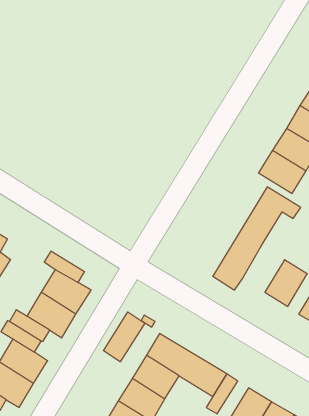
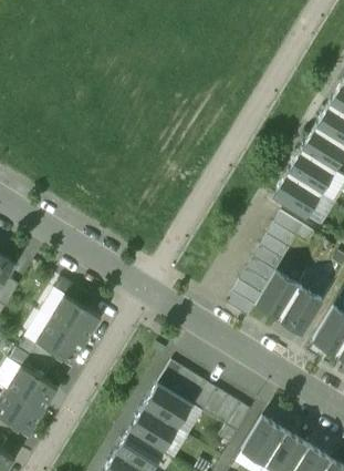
building: none -> [256,272,299,319]
building: [103,312,145,362] -> none

